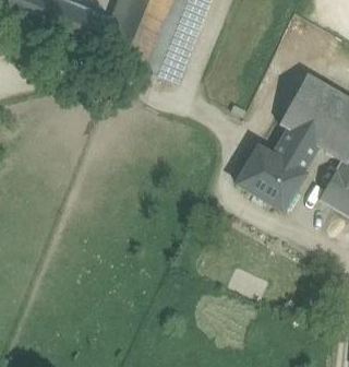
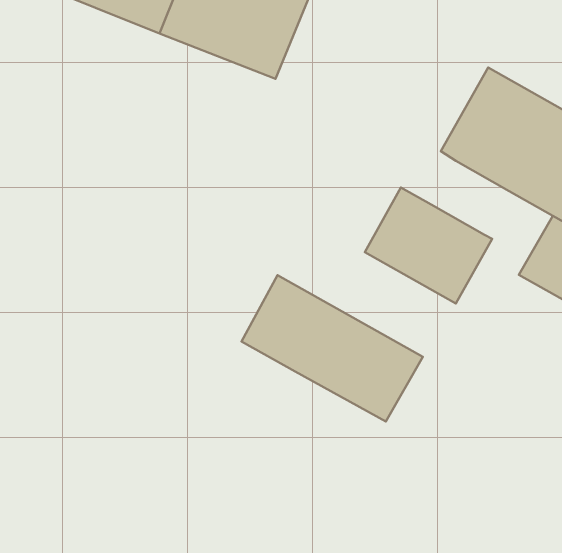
building: [269,129,314,171] -> none
building: none -> [242,275,423,421]

